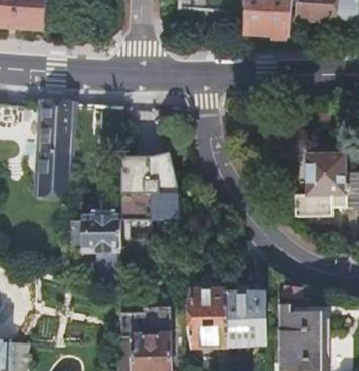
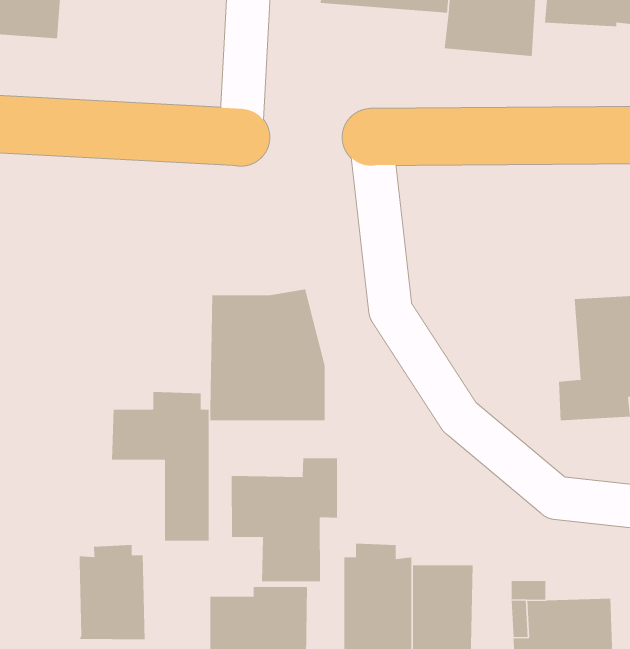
building: [38,100,74,195] -> none
building: none -> [231,458,338,582]
building: none -> [79,544,145,640]

